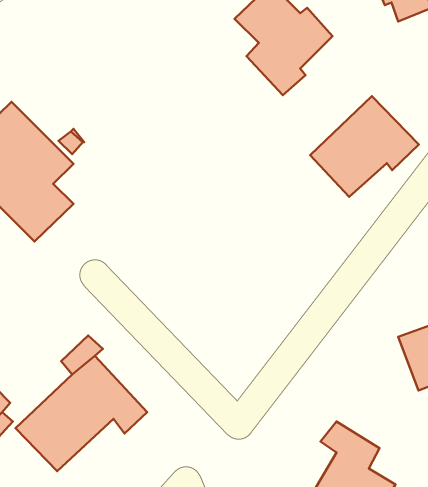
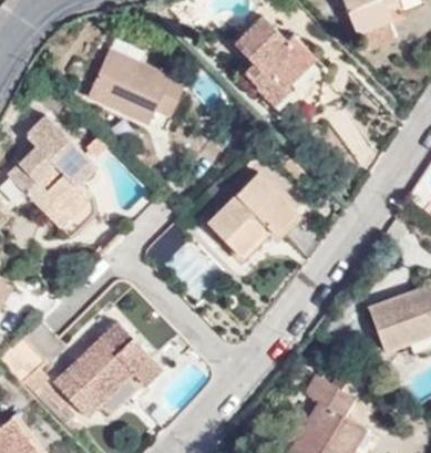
building: none -> [88,51,185,125]
building: [310,96,419,197] -> [207,172,297,255]

